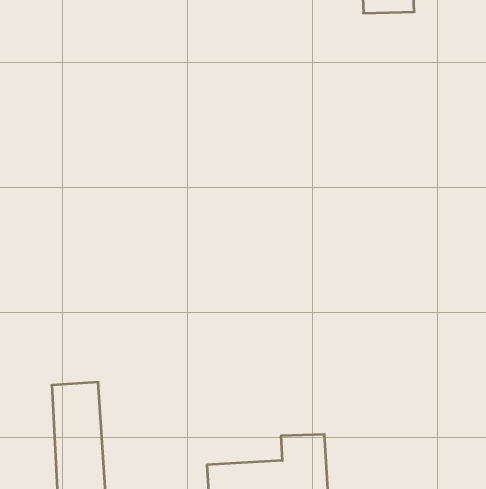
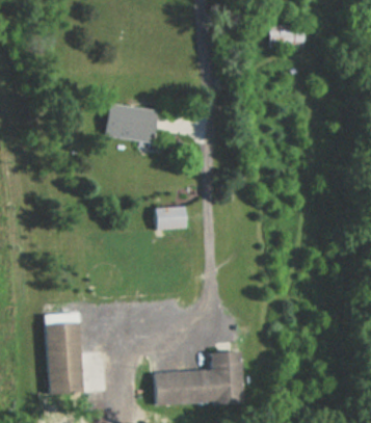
building: none -> [101,103,157,142]
building: none -> [155,206,186,238]

